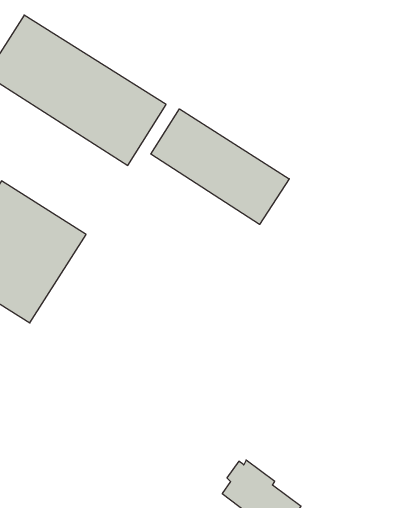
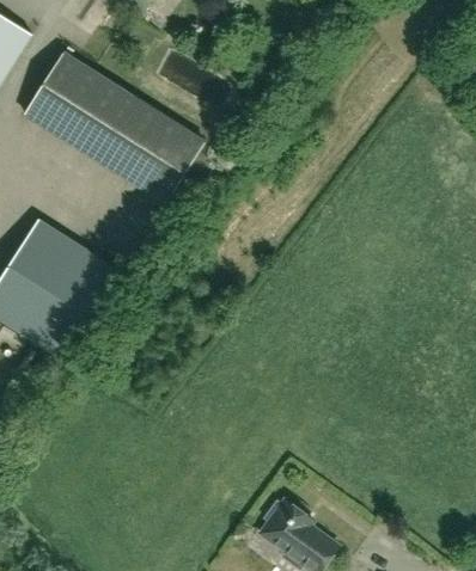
building: [151,109,289,224] -> none

